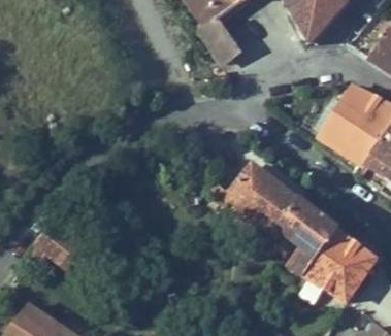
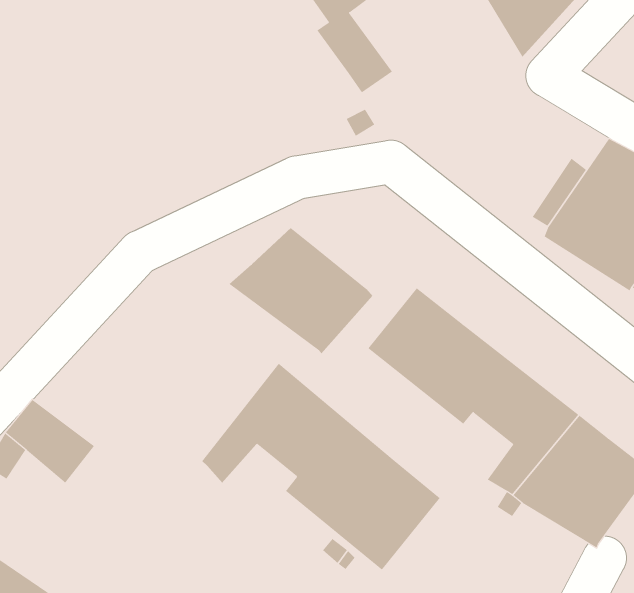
building: none -> [229,227,373,354]
building: none -> [202,363,441,571]

